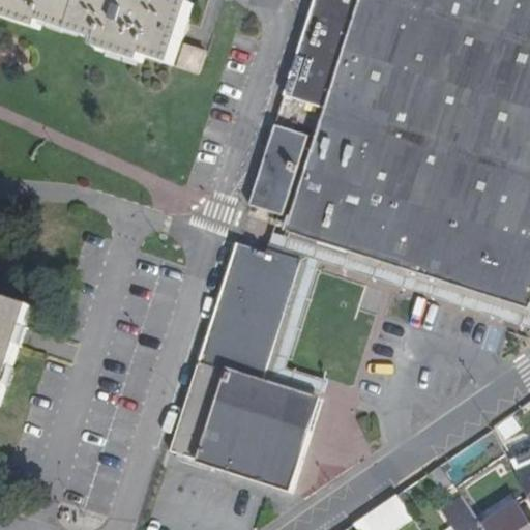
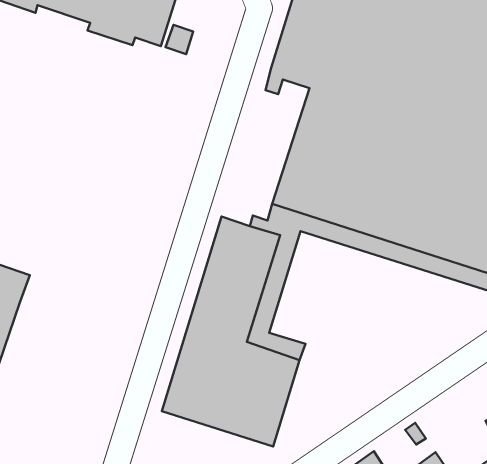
building: [252,123,307,213] -> none

